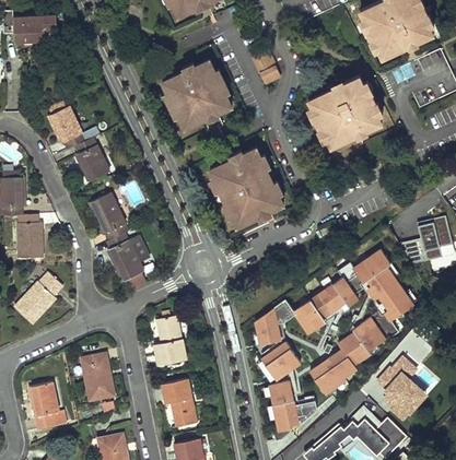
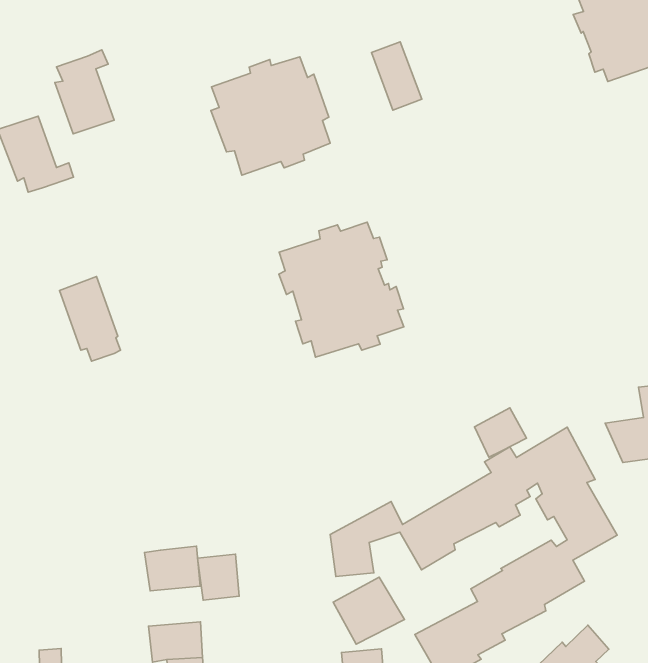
building: [308,75,383,145] -> none
building: [75,135,110,184] -> [55,50,114,134]
building: [108,235,150,282] -> none
building: none -> [475,408,526,457]
building: [156,314,182,341] -> [198,554,239,600]
building: [80,353,115,401] -> none

